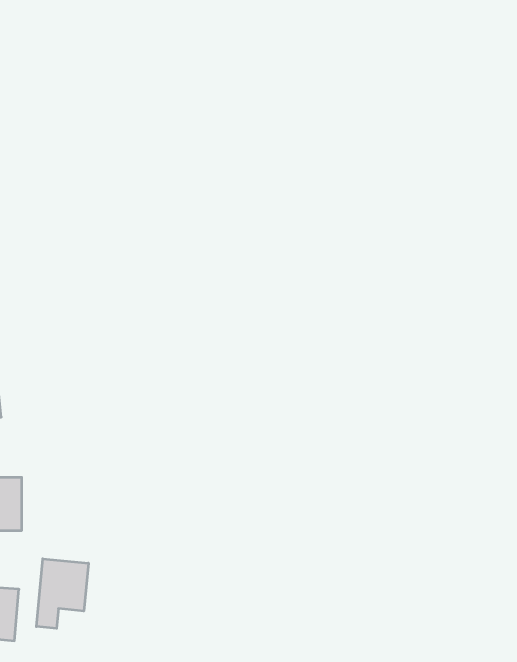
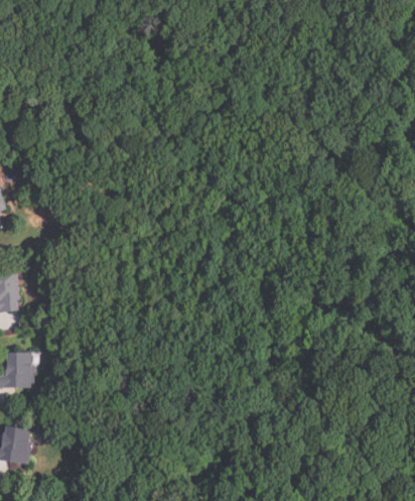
building: [36,559,88,628] -> none

